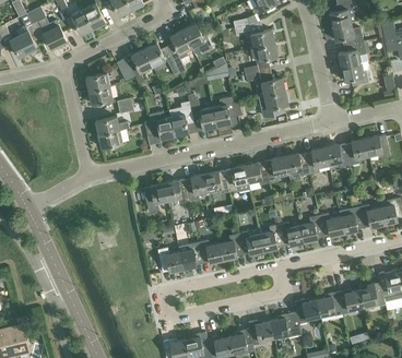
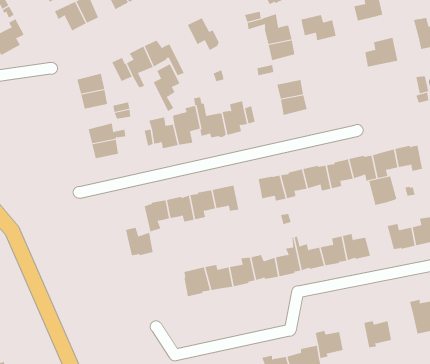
building: [31,22,66,49] -> none
building: [331,23,363,46] -> [300,15,336,41]
building: [166,31,190,73] -> [153,63,180,112]
building: [340,62,369,86] -> none
building: [223,166,249,193] -> none
building: [338,207,363,234] -> [369,176,397,206]
building: [156,248,181,273] -> [125,227,154,256]
building: [358,283,383,308] -> none
building: [316,293,341,317] -> none

